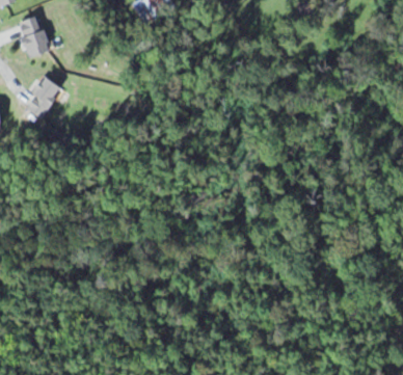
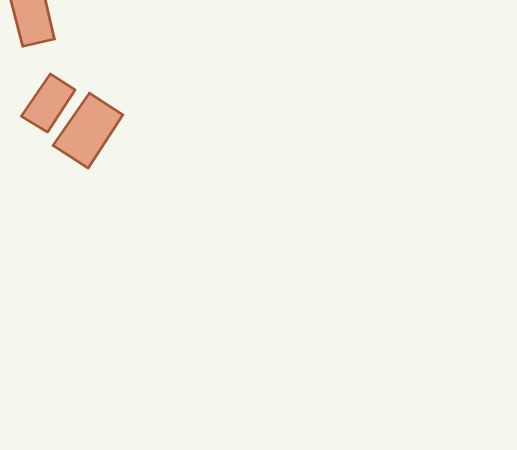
building: none -> [53,93,123,168]

